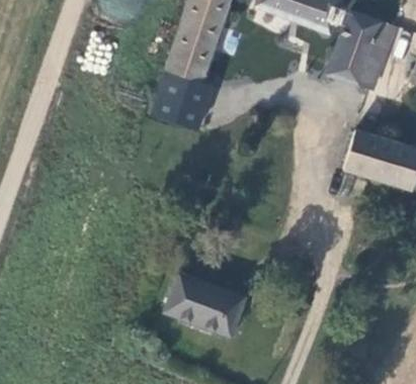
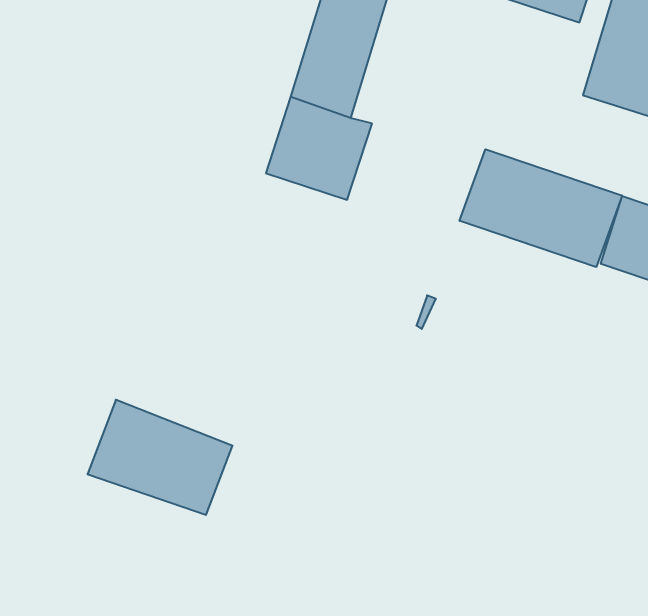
building: none -> [460,149,622,267]
building: [164,272,247,338] -> [87,400,233,515]

